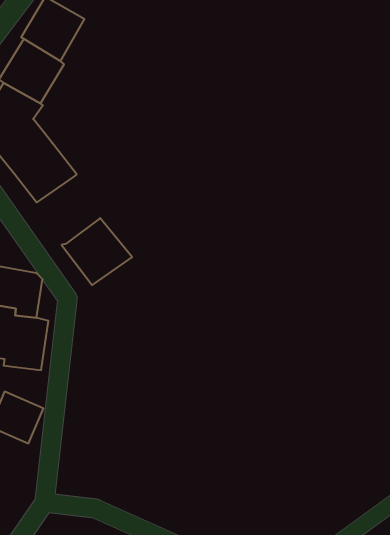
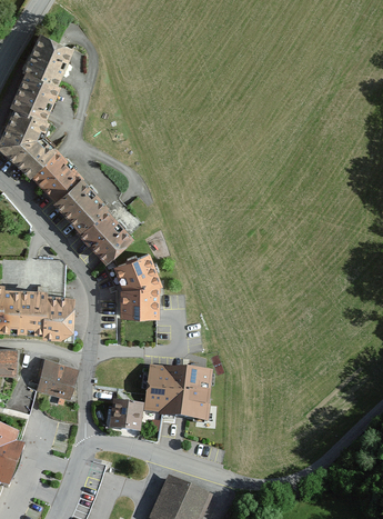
building: none -> [53,178,109,233]
building: none -> [112,252,161,318]
building: none -> [145,368,206,415]
building: none -> [110,399,141,430]

